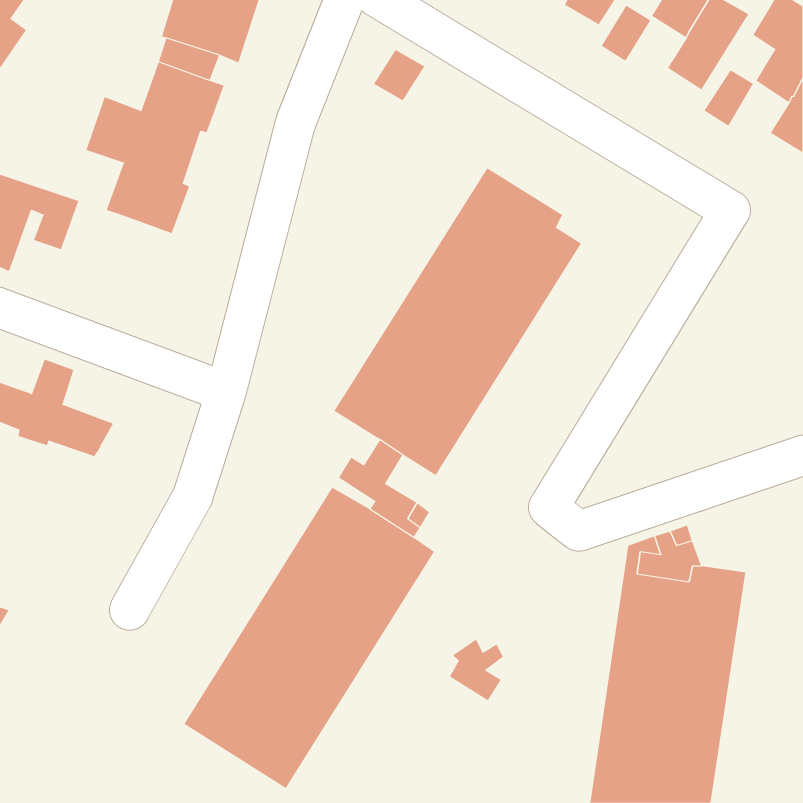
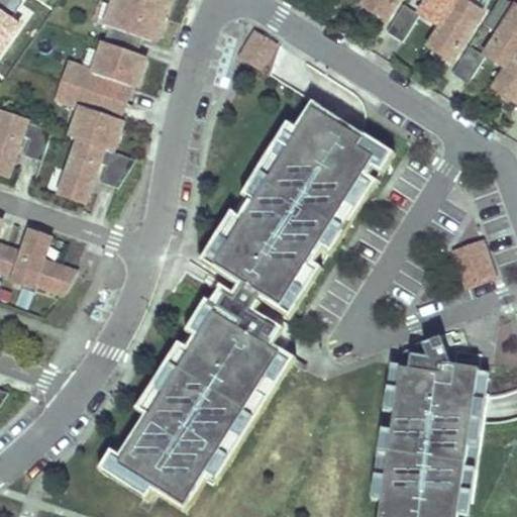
building: none -> [58,137,134,200]
building: none -> [452,240,491,284]
building: [449,639,504,701] -> none

